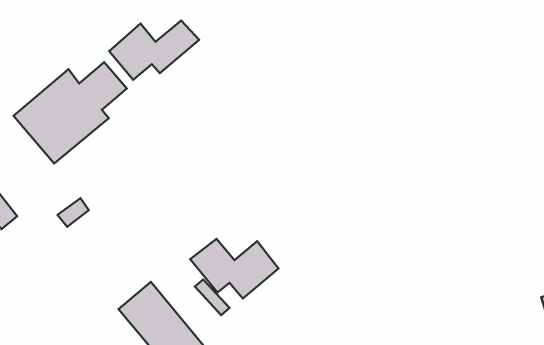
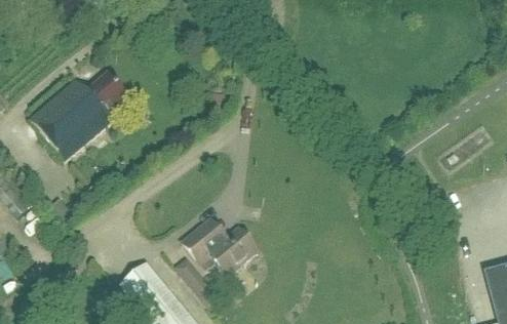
building: [109,20,199,80] -> none

